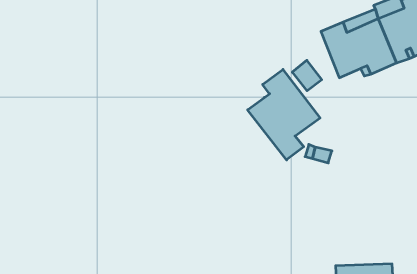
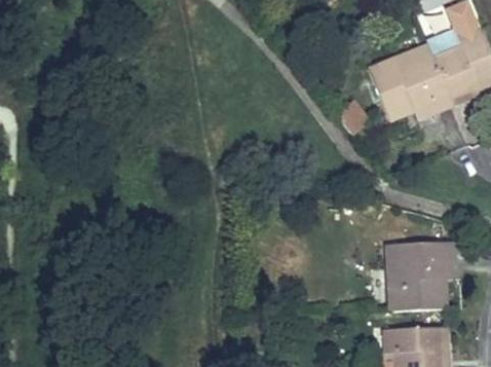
building: [248,69,320,160] -> none
building: none -> [387,242,455,311]

